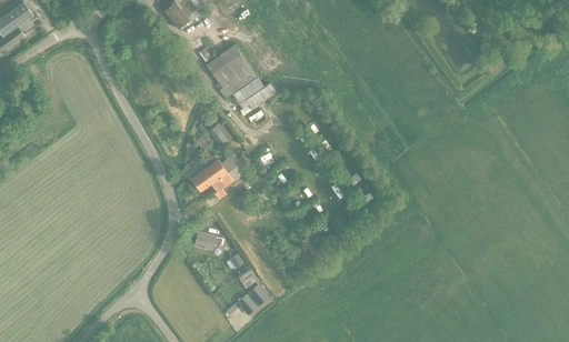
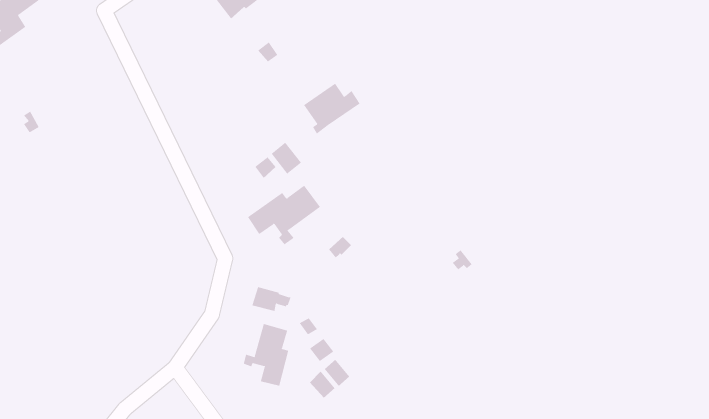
building: [204,44,256,98] -> none
building: none -> [243,323,289,386]

